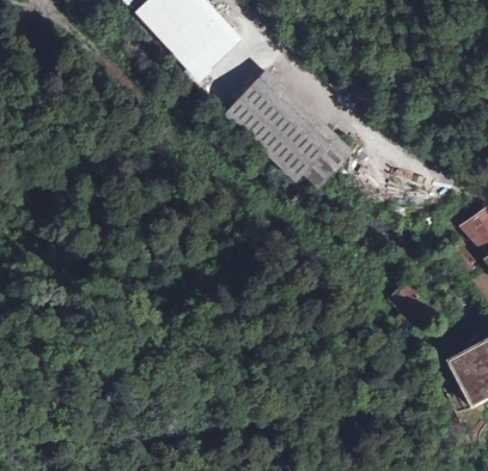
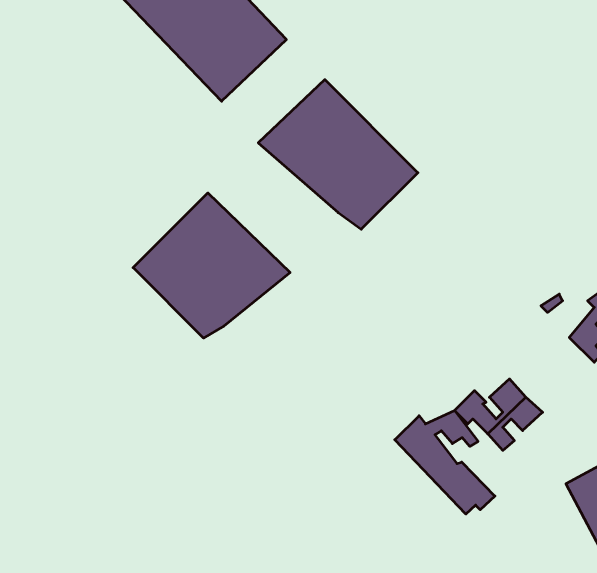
building: [299,135,356,188] -> none
building: none -> [133,193,290,338]
building: none -> [395,411,495,514]

